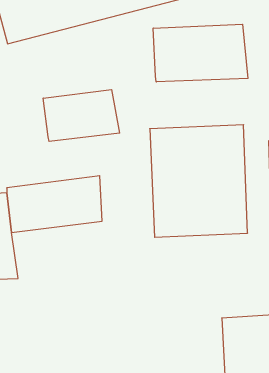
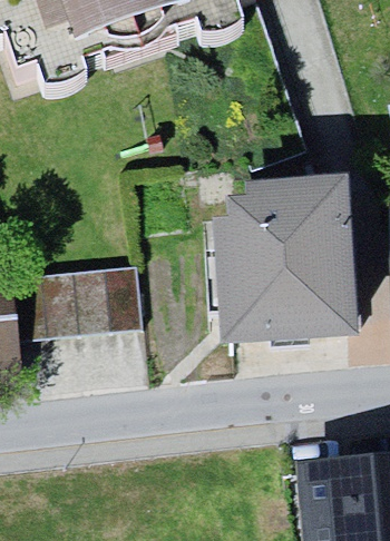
building: [153,24,248,82] -> none
building: [43,90,120,141] -> none

